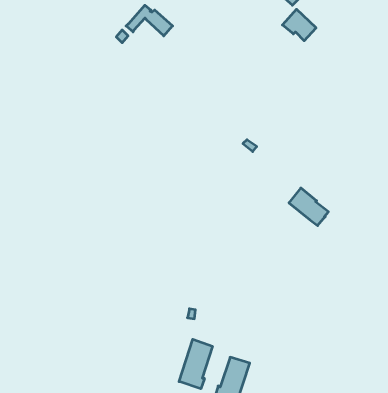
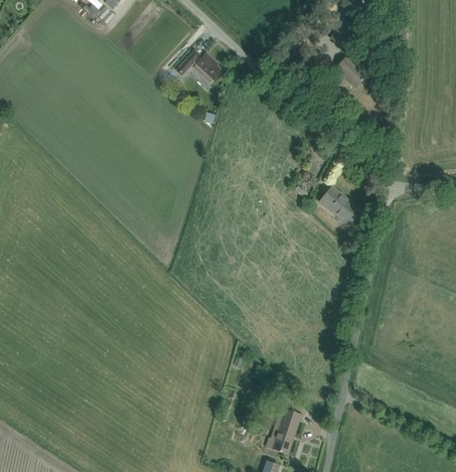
building: [289,188,328,226] -> [319,186,359,224]
building: [179,339,212,389] -> none

